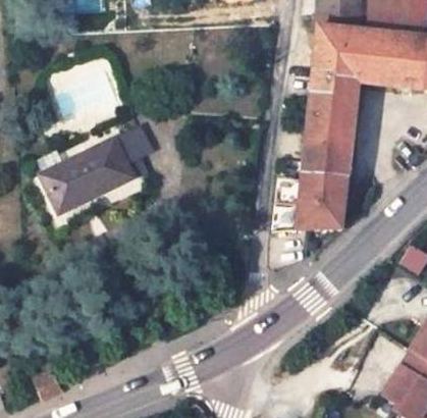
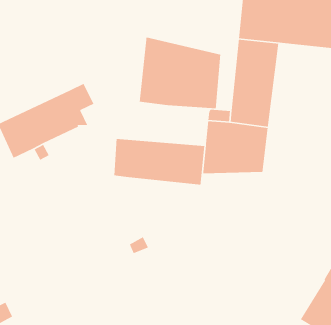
building: none -> [139,36,221,109]
building: none -> [113,138,205,186]

